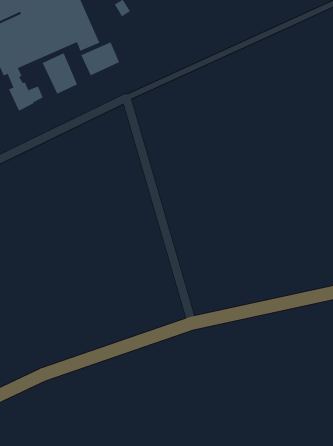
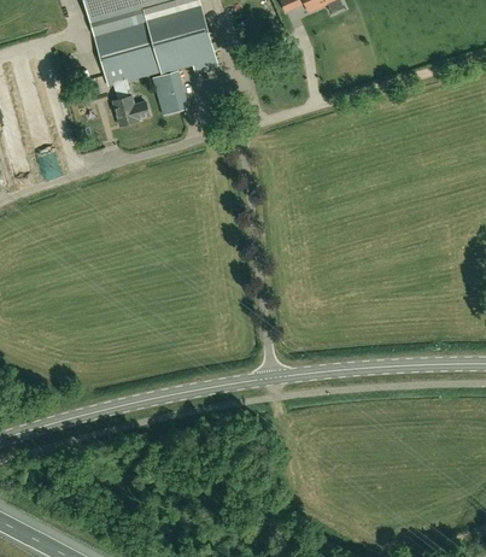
building: [81,42,120,76] -> none

